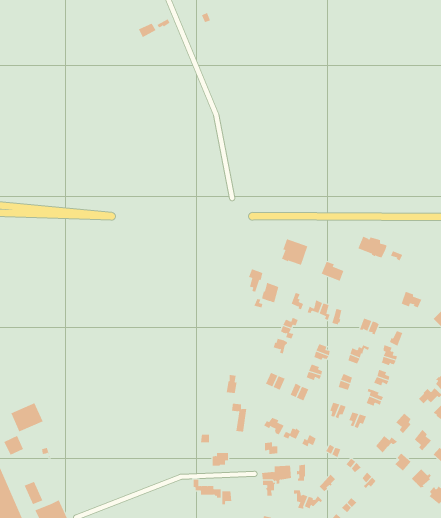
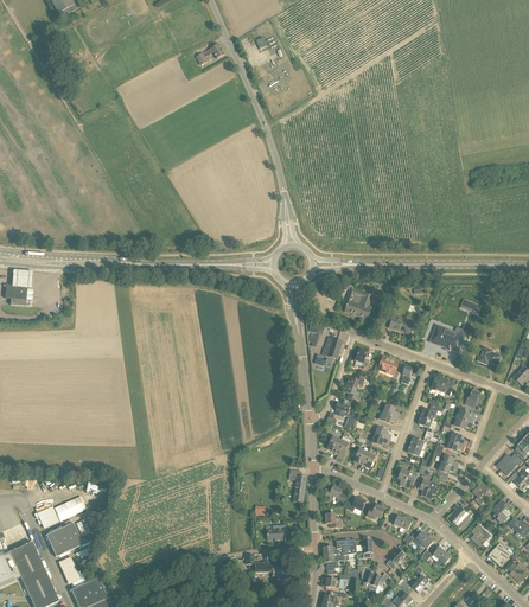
building: [357,236,387,258] -> [429,326,463,351]
building: [10,402,44,432] -> [45,522,82,555]

